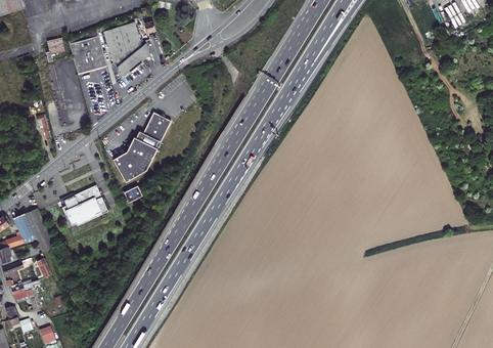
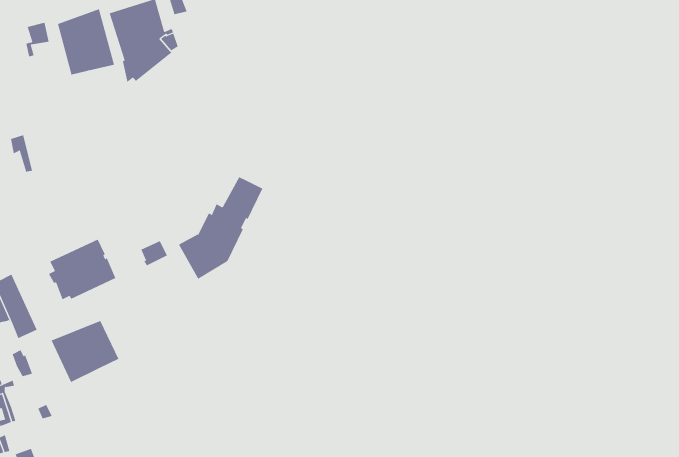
building: [114,113,171,182] -> [178,176,263,279]
building: none -> [51,320,119,383]

